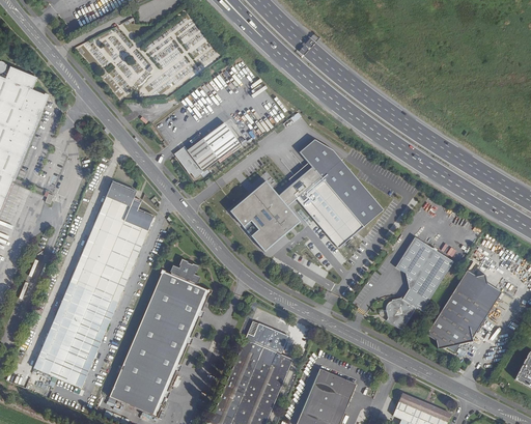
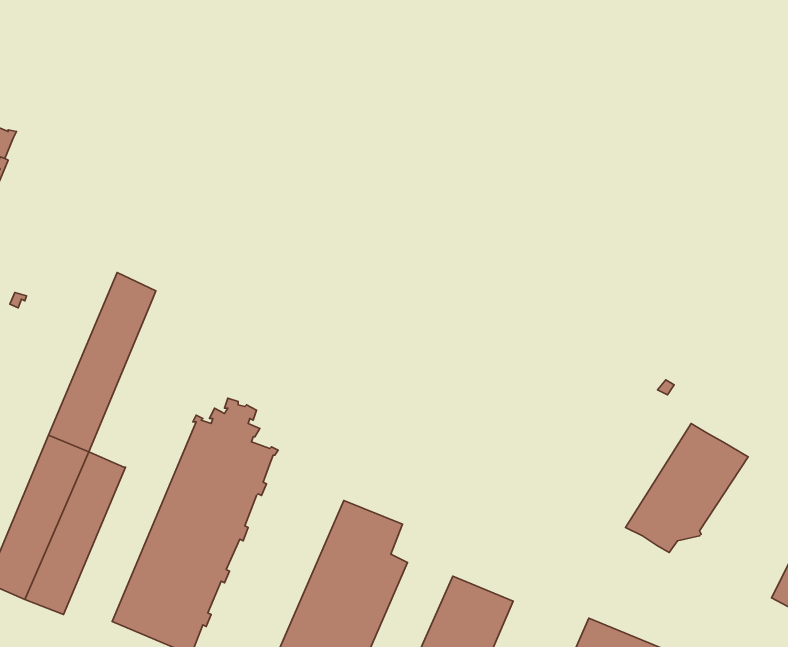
building: [173,122,239,177] -> none
building: [228,138,385,250] -> none
building: [94,196,152,300] -> none
building: [387,236,454,331] -> none

